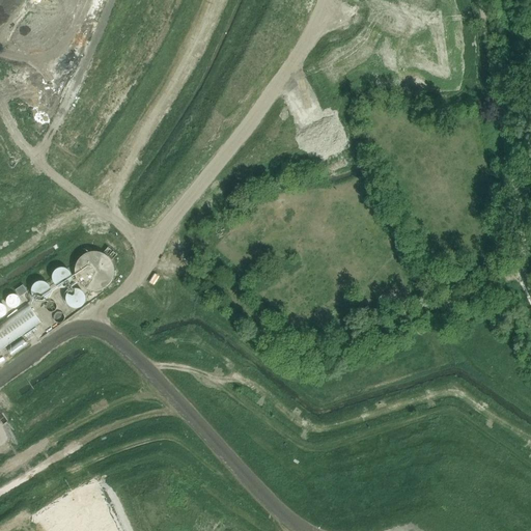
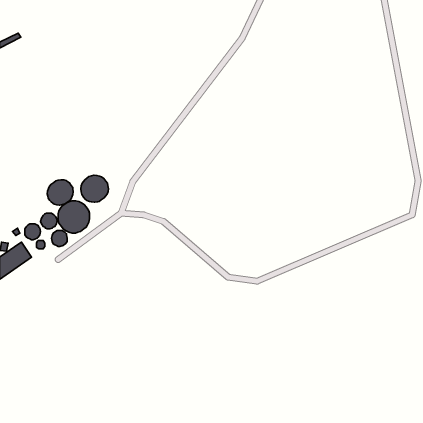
building: none -> [81,175,108,202]
building: none -> [47,180,73,205]

